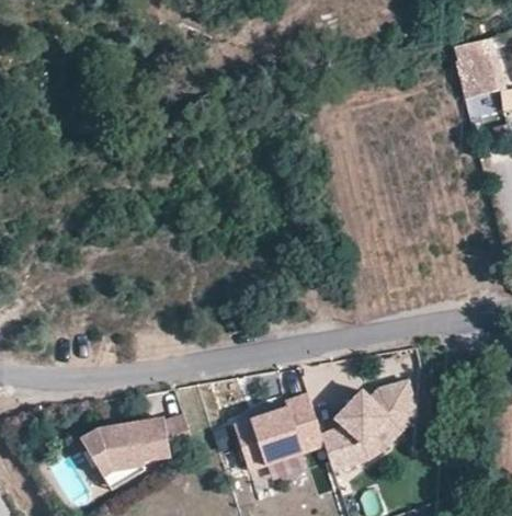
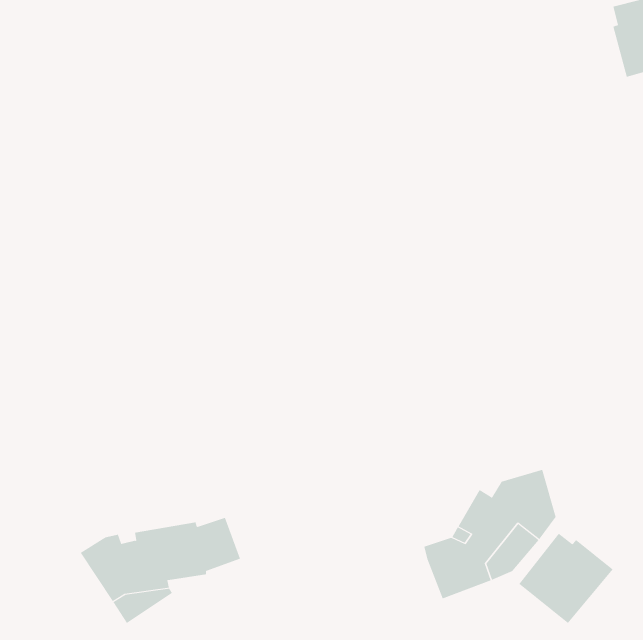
building: [234,391,325,470] -> none
building: none -> [519,533,613,624]

